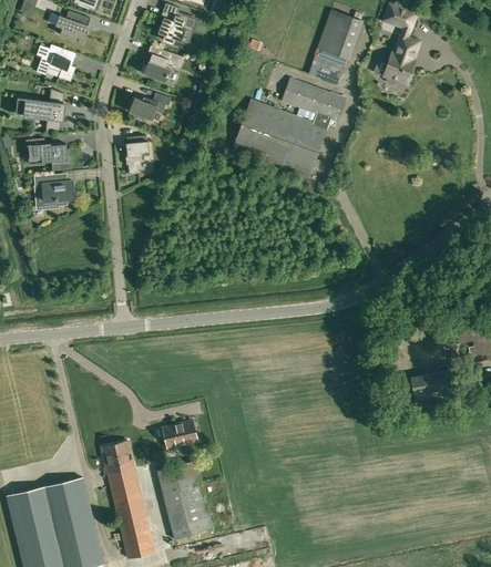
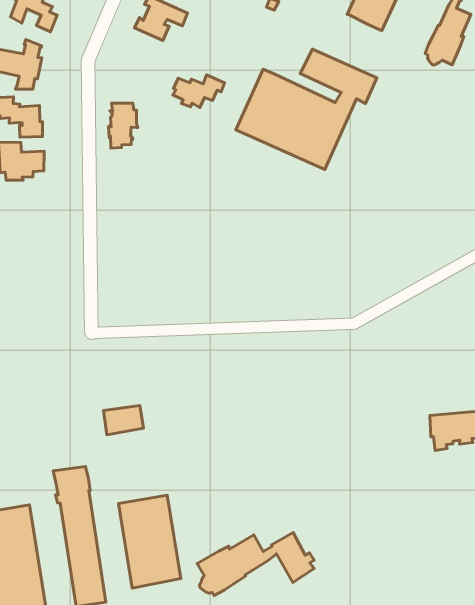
building: [308,48,346,84] -> none
building: [129,92,171,120] -> [173,75,224,108]
building: [163,421,197,447] -> [103,405,143,435]
building: none -> [197,533,314,595]

